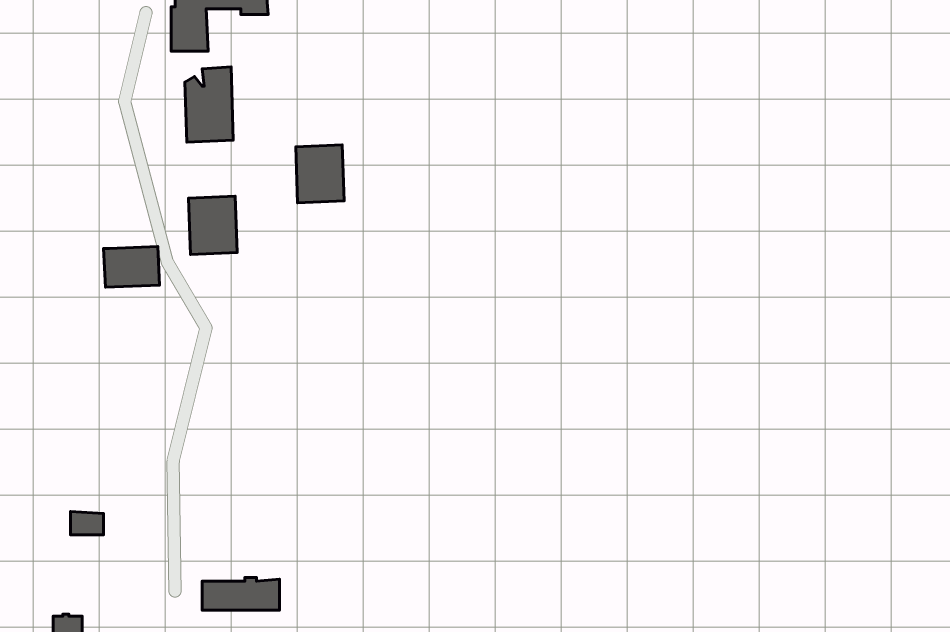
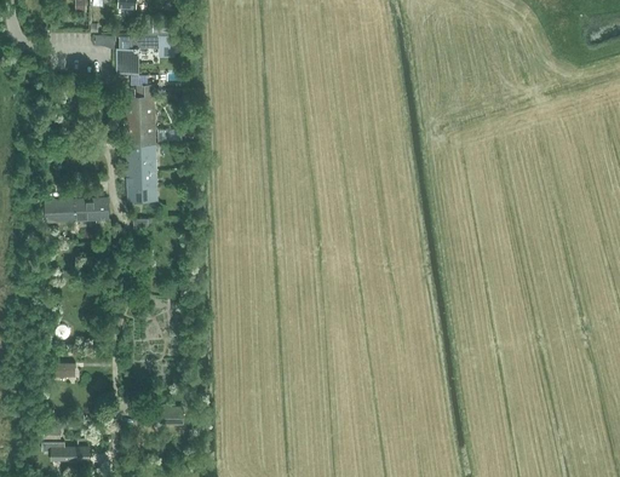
building: [296,145,344,203] -> [126,131,156,167]
building: none -> [45,199,75,224]

